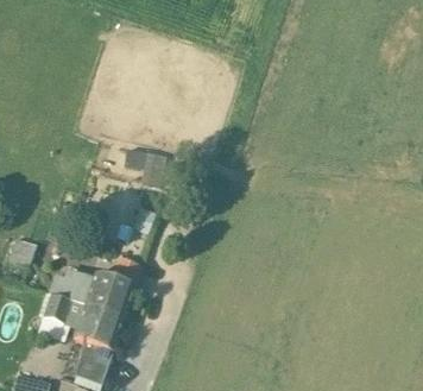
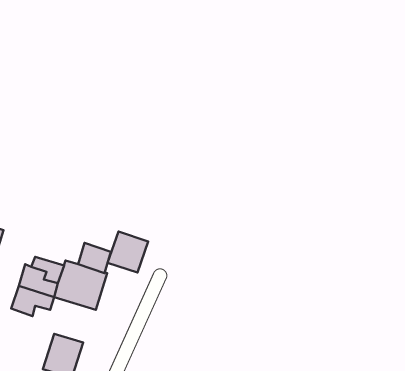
building: none -> [108,231,148,273]
building: [76,303,125,346] -> none

